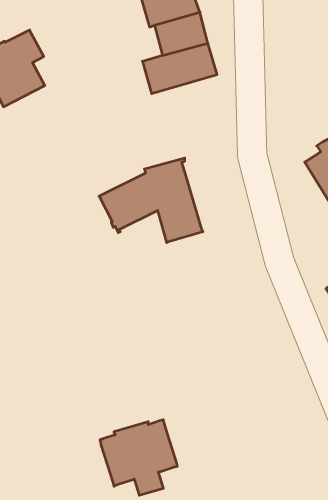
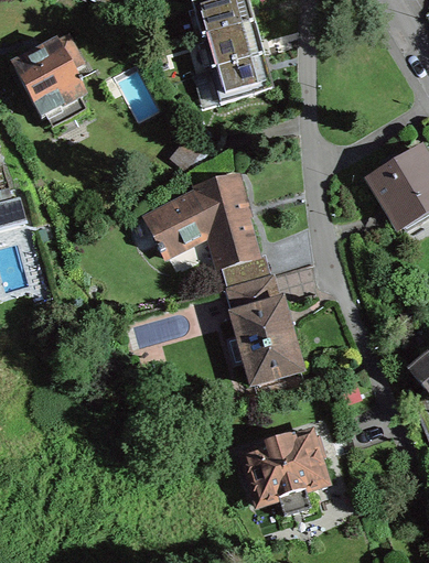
building: none -> [233,273,302,382]
building: [100,420,177,495] -> [243,431,328,513]

